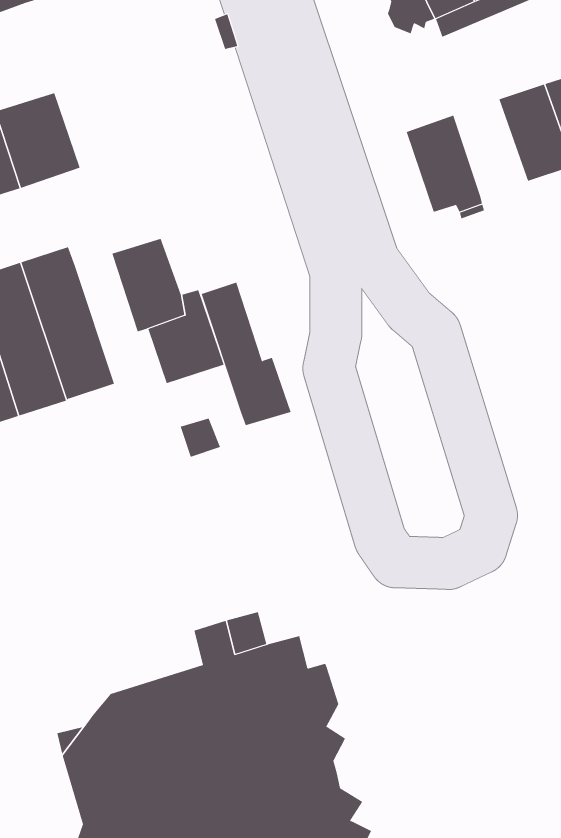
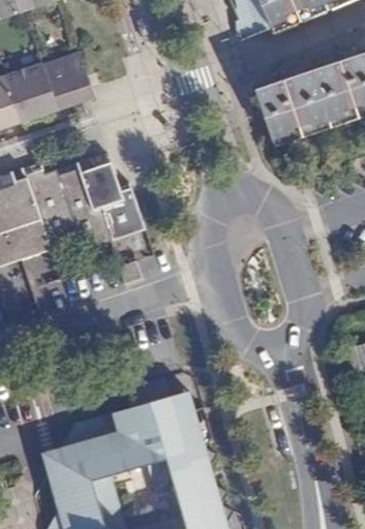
building: none -> [42,53,94,111]
building: none -> [283,69,328,128]
building: [201,282,291,426] -> [55,162,110,249]

